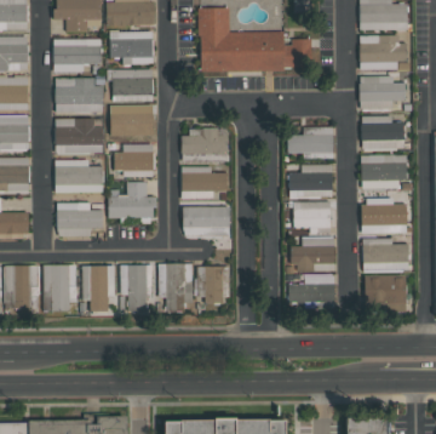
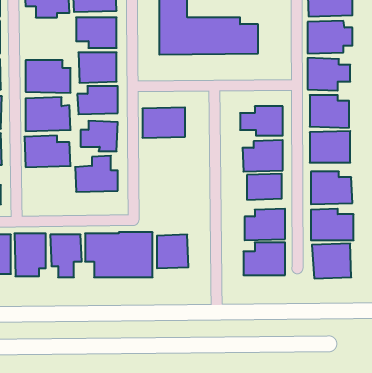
building: [53,39,103,72] -> none
building: [180,166,229,199] -> none
building: [57,202,104,236] -> none
building: [184,206,231,238] -> none

